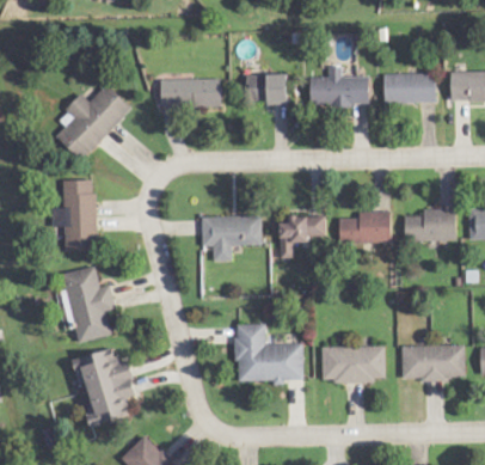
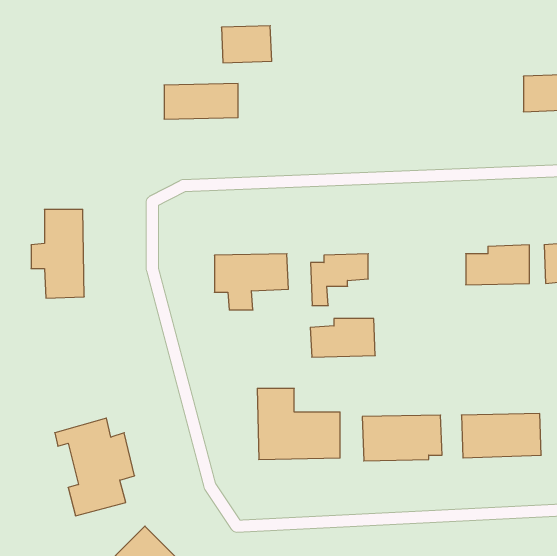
building: [309,66,368,105] -> none
building: [383,72,436,103] -> none
building: [246,73,287,103] -> [221,26,272,63]
building: [56,84,131,160] -> none
building: [338,212,391,243] -> [310,319,375,357]
building: [62,265,115,343] -> none

